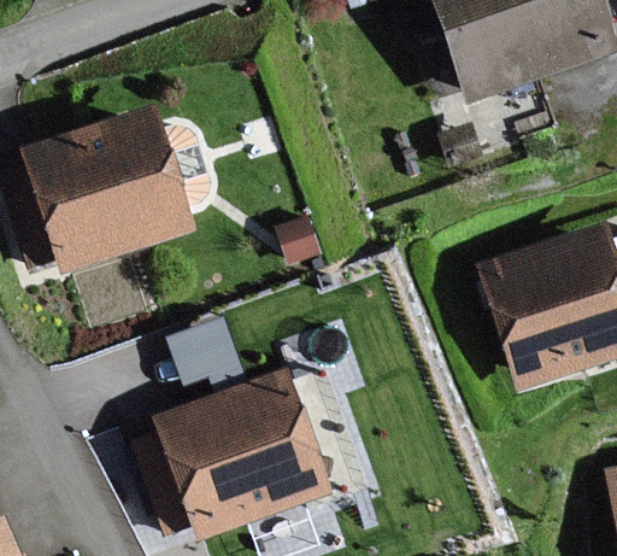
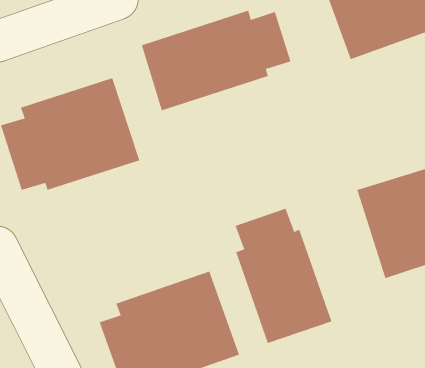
building: none -> [141,10,291,111]
building: none -> [235,208,332,344]

